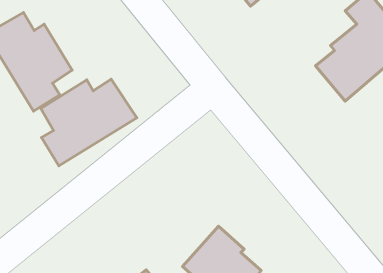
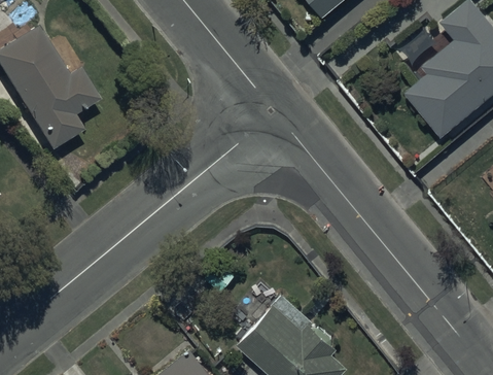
building: [41,79,137,166] -> none

